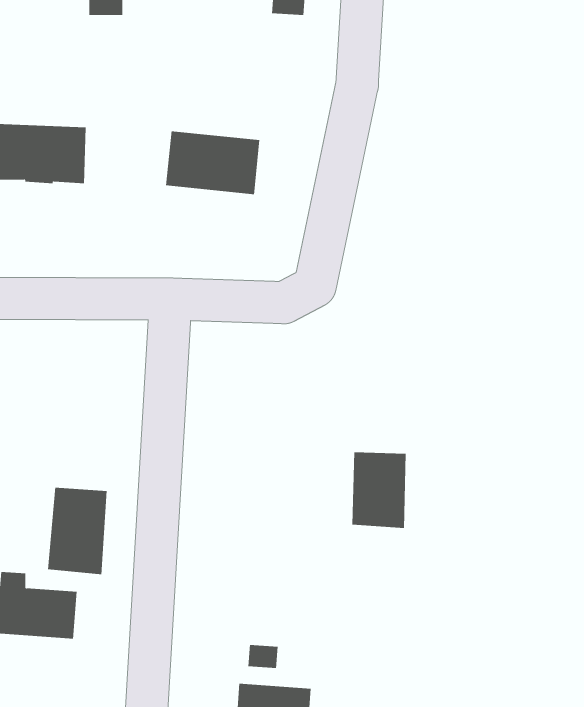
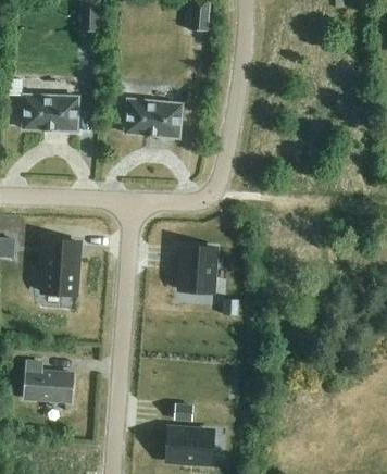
building: [352,452,407,529] -> [179,249,212,295]
building: [47,487,108,575] -> [42,241,78,294]

